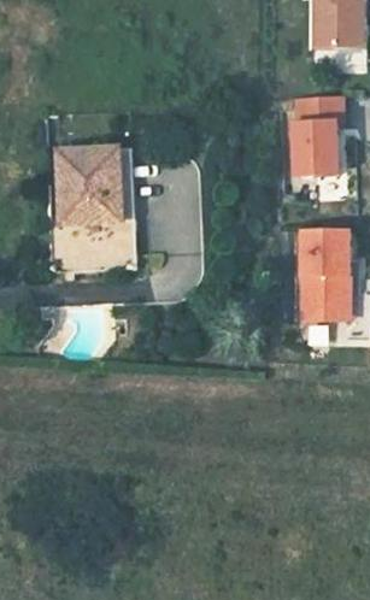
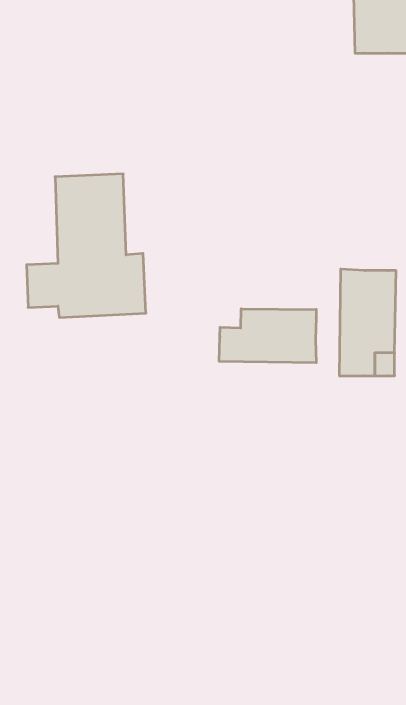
building: [289,95,339,175] -> none
building: none -> [219,309,316,363]

